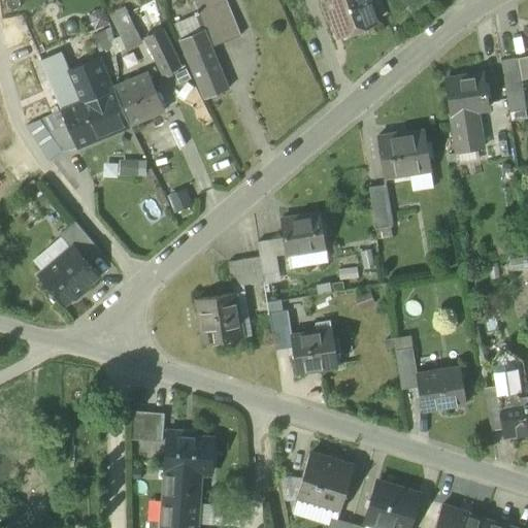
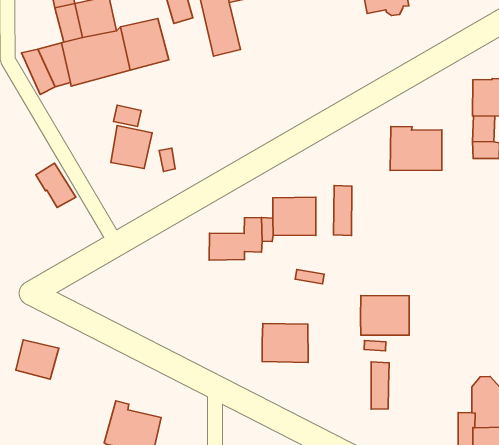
building: none -> [111,125,152,168]
building: [369,182,393,229] -> [334,185,352,236]
building: [42,248,97,302] -> none
building: [199,293,242,343] -> none
building: [271,318,294,356] -> none
building: [417,367,467,410] -> [360,296,409,335]
building: [130,410,166,442] -> [16,340,59,379]

